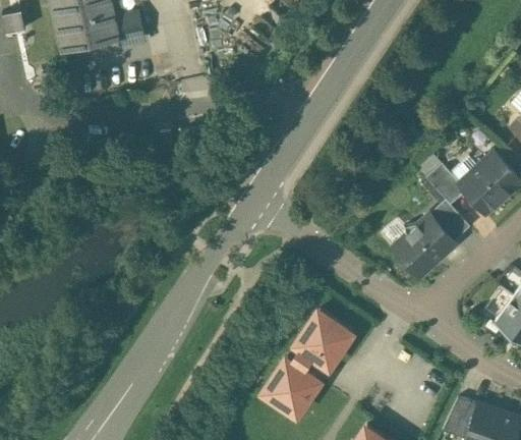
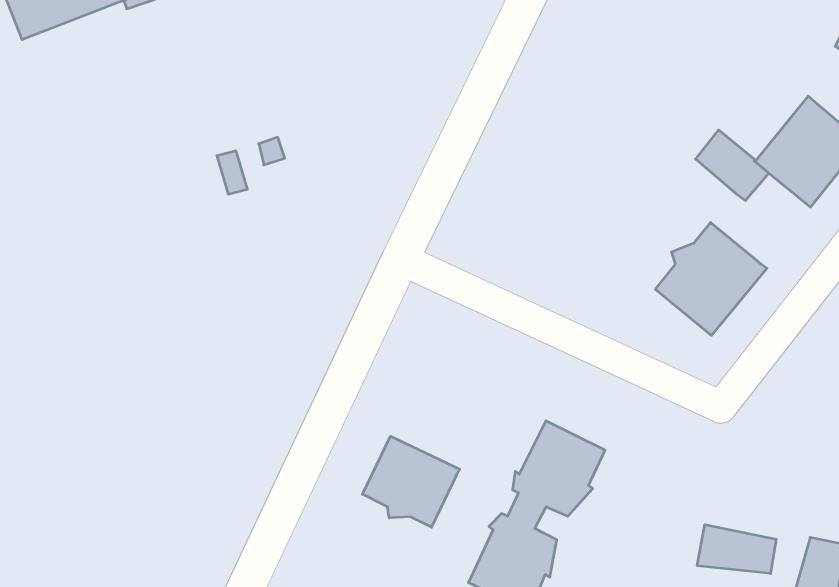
building: [429,200,470,241] -> none
building: none -> [362,436,460,527]
building: none -> [697,525,776,574]

